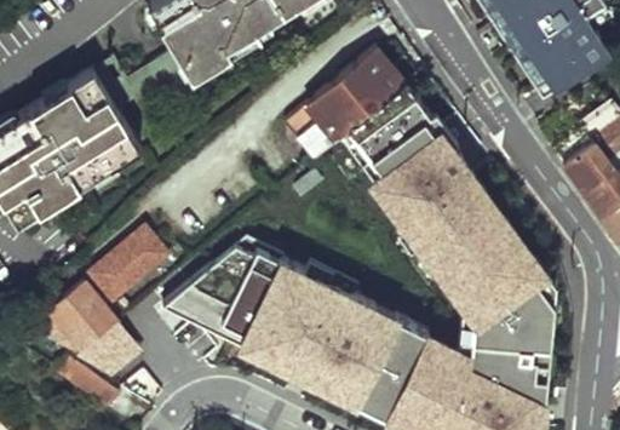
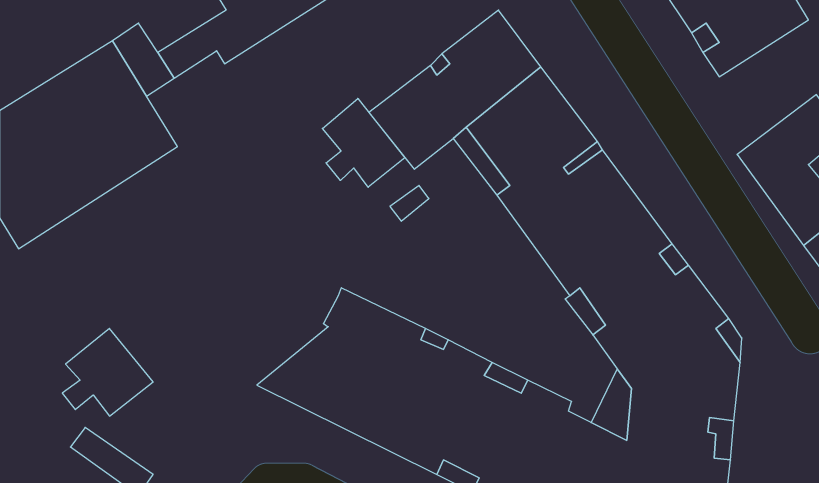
building: none -> [322,98,405,187]
building: [90,236,171,306] -> none
building: [165,252,257,328] -> none
building: [78,325,143,380] -> none

